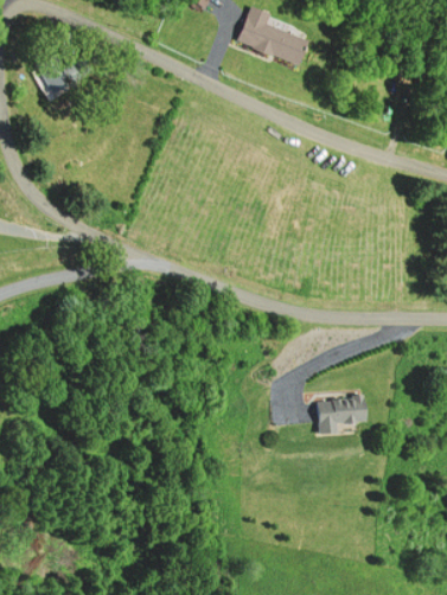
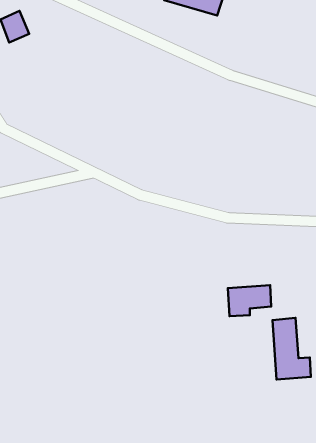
building: none -> [273,318,311,380]

